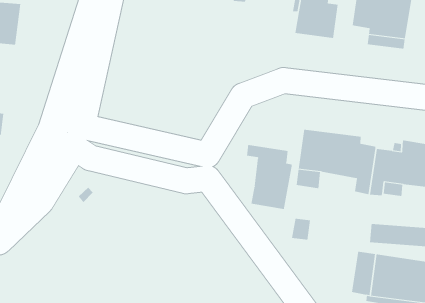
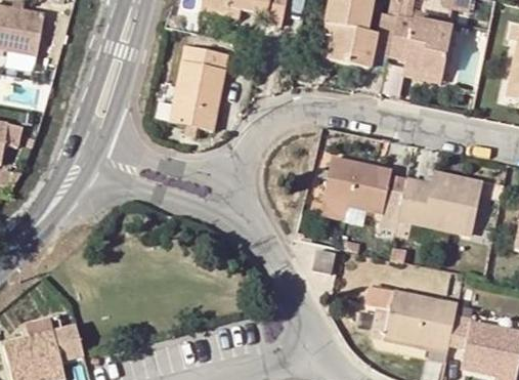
building: none -> [169,45,230,130]
building: [247,144,293,210] -> none

